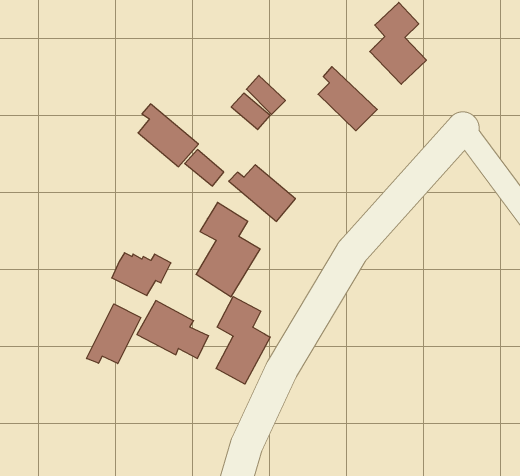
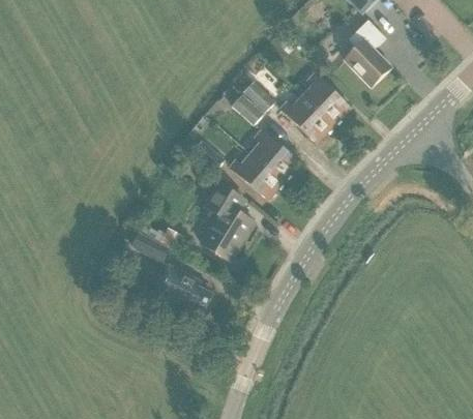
building: none -> [279,94,333,143]
building: [138,104,198,167] -> [250,128,300,180]
building: [216,297,270,384] -> none
building: [87,304,141,364] -> none

